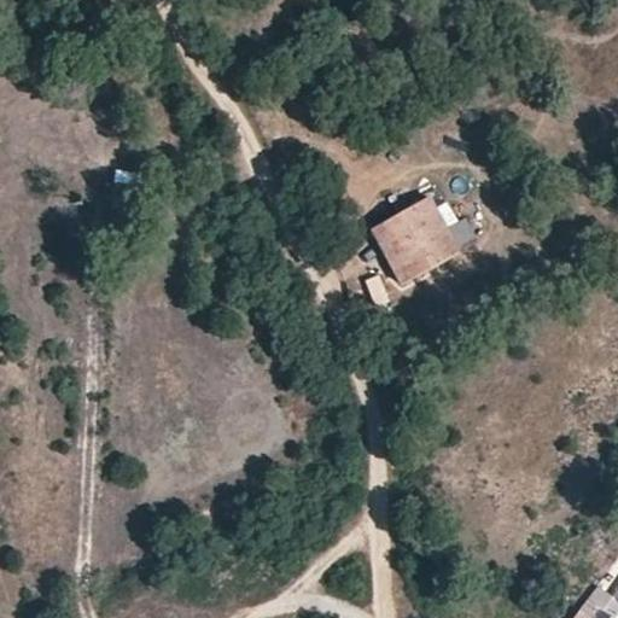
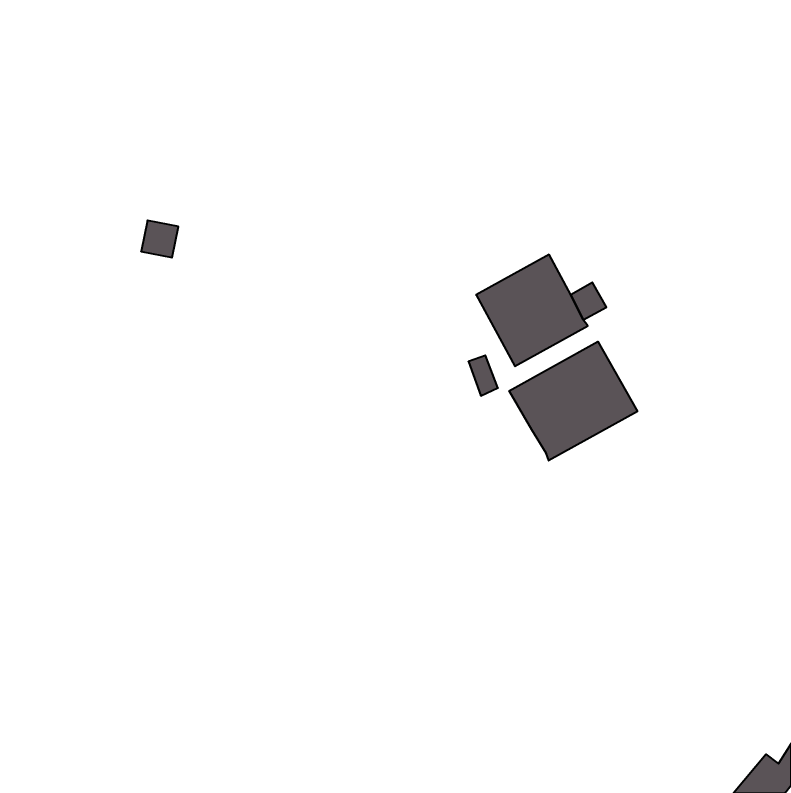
building: none -> [509,342,637,461]

